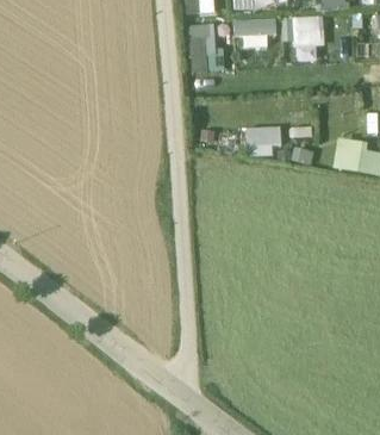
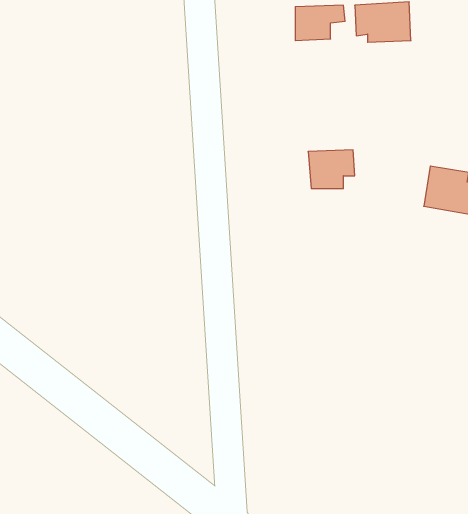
building: [187,24,224,74] -> none

